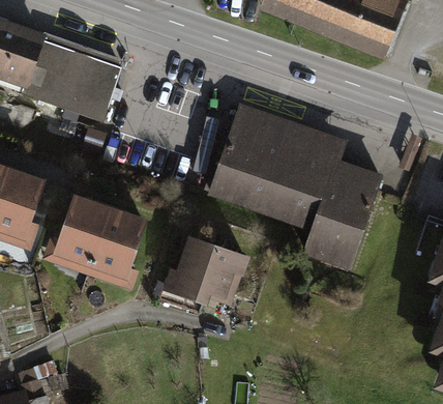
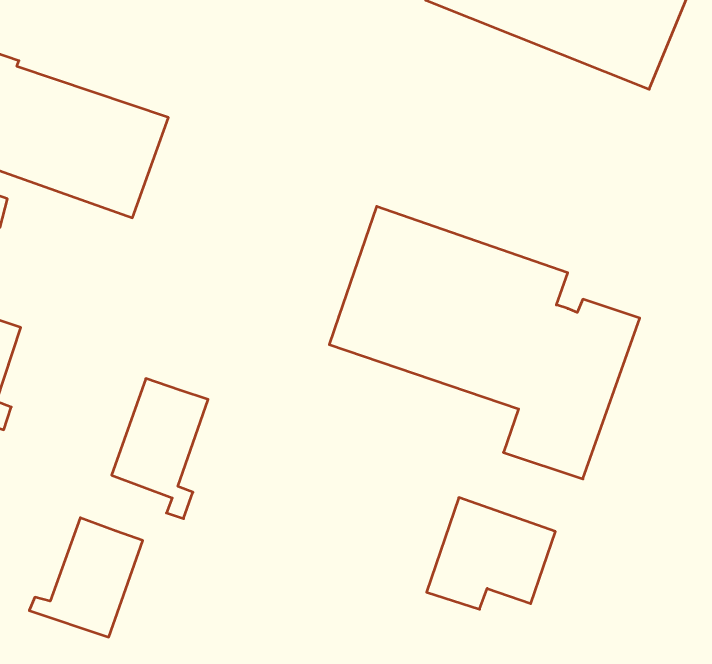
building: [47,198,109,263] -> [29,518,143,637]
building: [173,239,243,300] -> [427,498,555,609]

